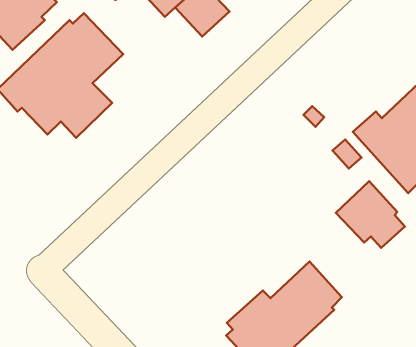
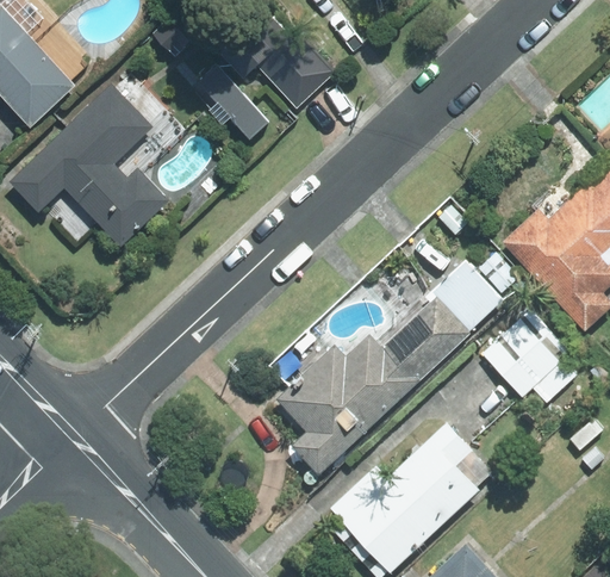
building: none -> [195,64,268,139]
building: none -> [275,260,504,474]

